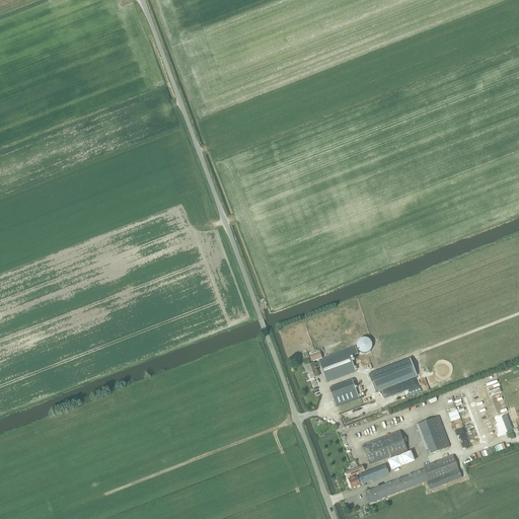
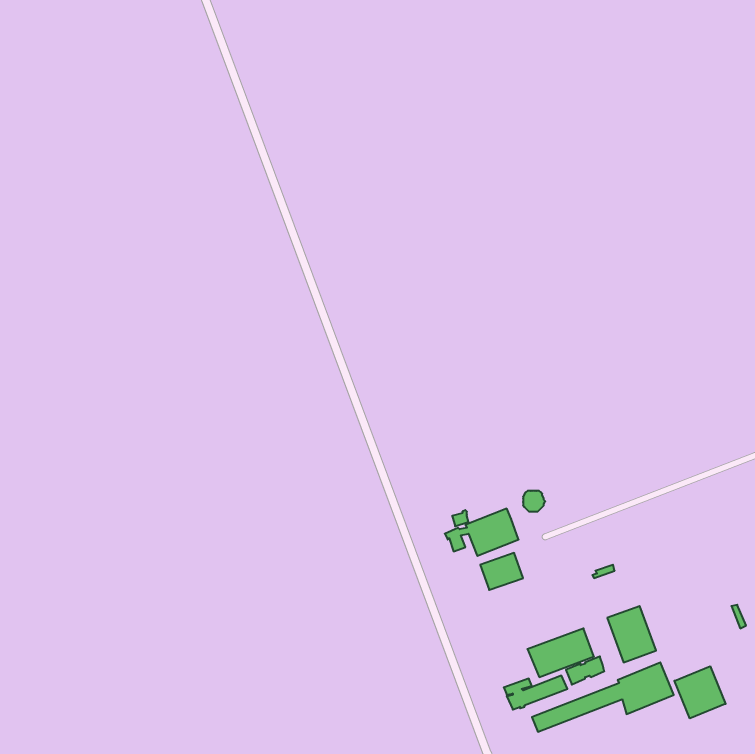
building: [369,358,418,391] -> none
building: none -> [674,666,726,718]

